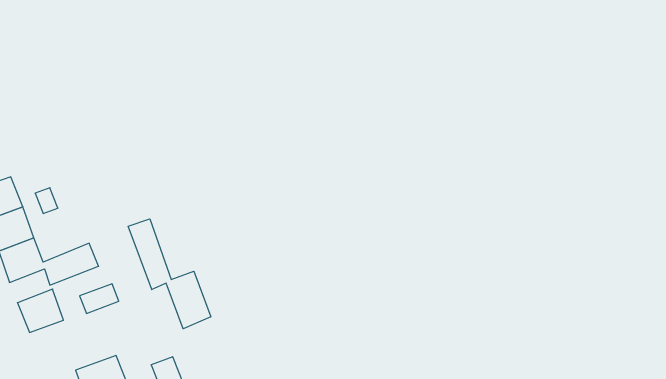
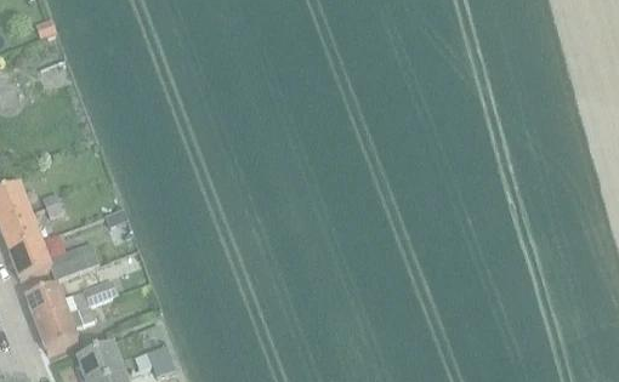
building: [128,219,211,329] -> none
building: none -> [35,307,81,349]

